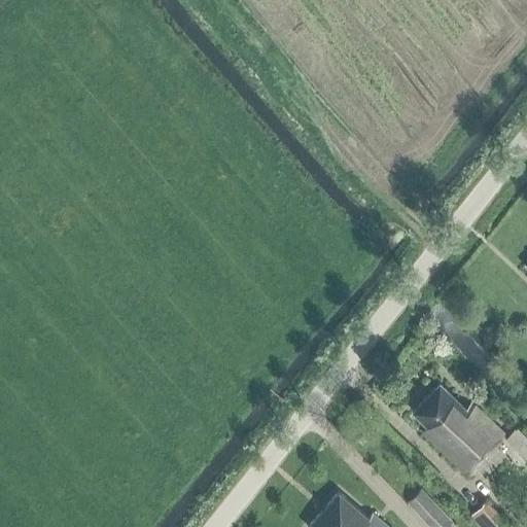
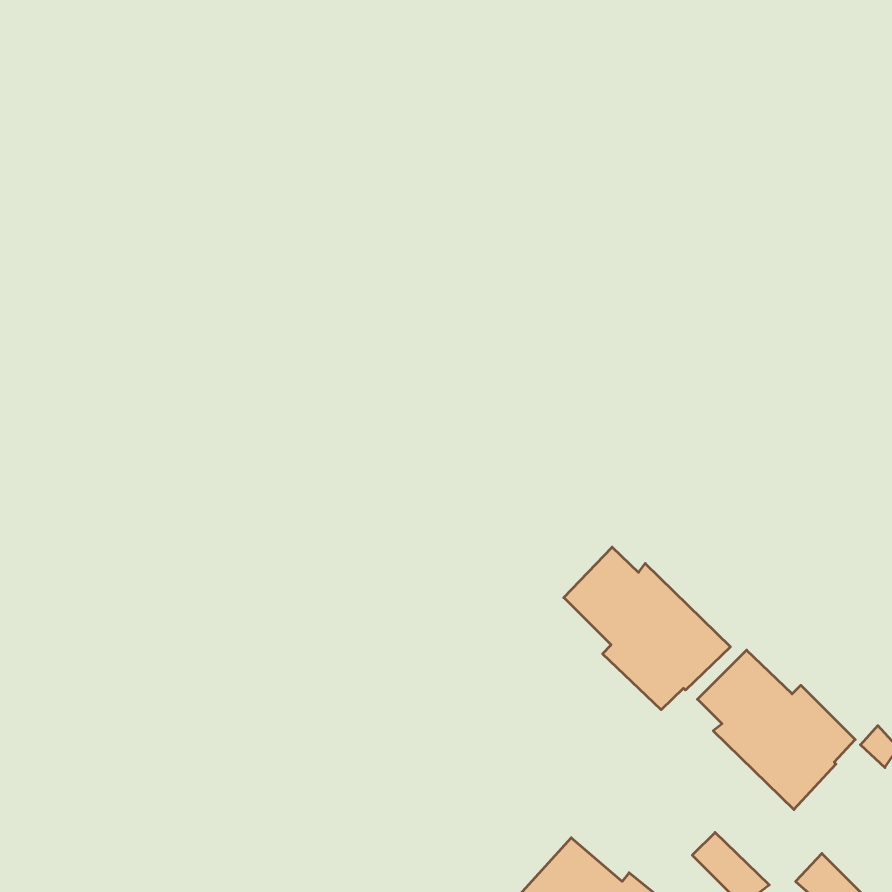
building: none -> [564,547,730,710]

